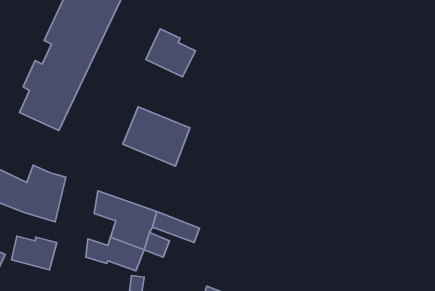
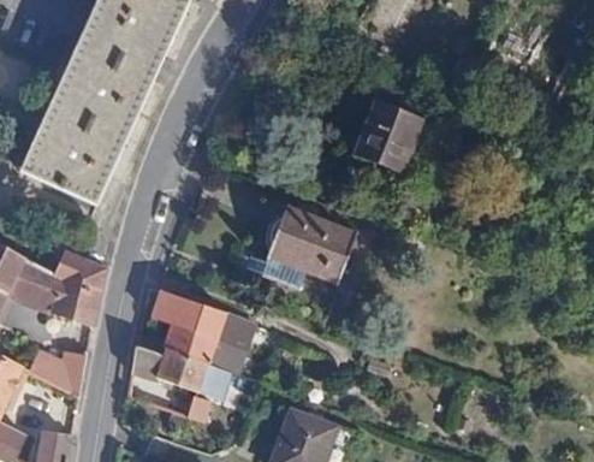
building: [146,29,195,77] -> none
building: none -> [355,105,420,172]
building: [123,107,190,166] -> [266,207,355,285]

